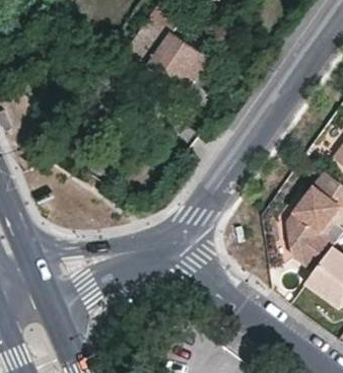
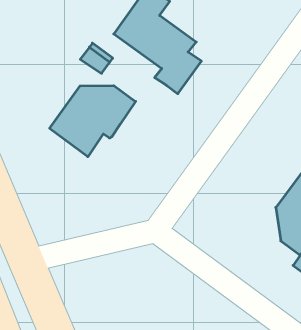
building: none -> [50,86,136,157]

